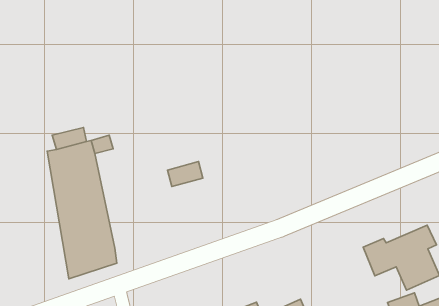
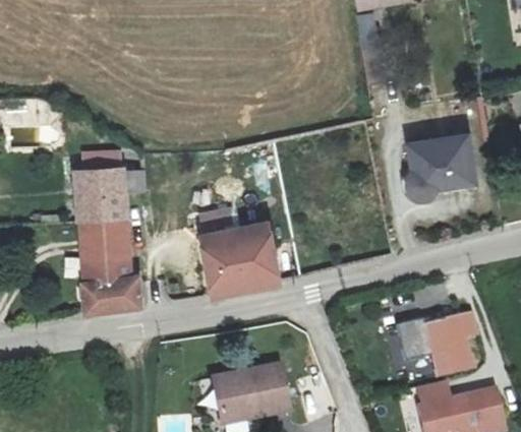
building: none -> [407,135,475,199]
building: none -> [199,222,279,291]

